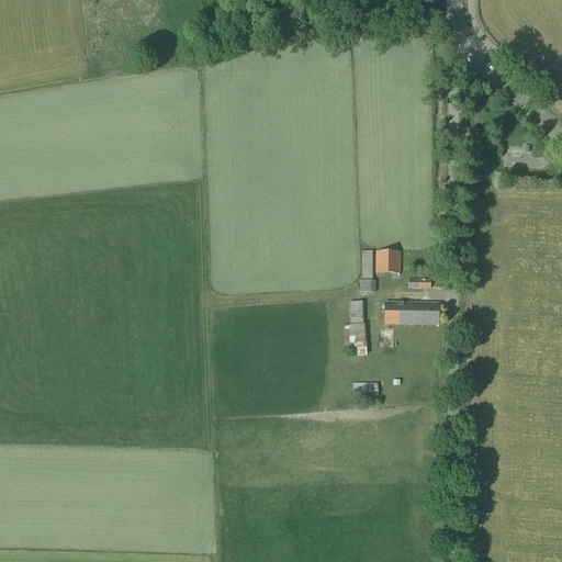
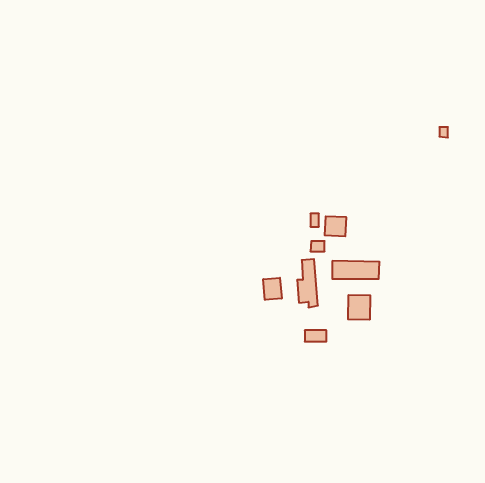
building: none -> [263,278,282,300]
building: none -> [348,295,370,320]

